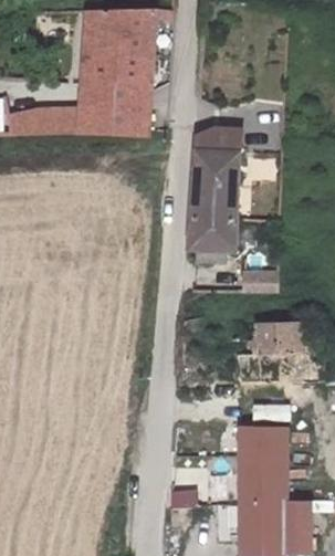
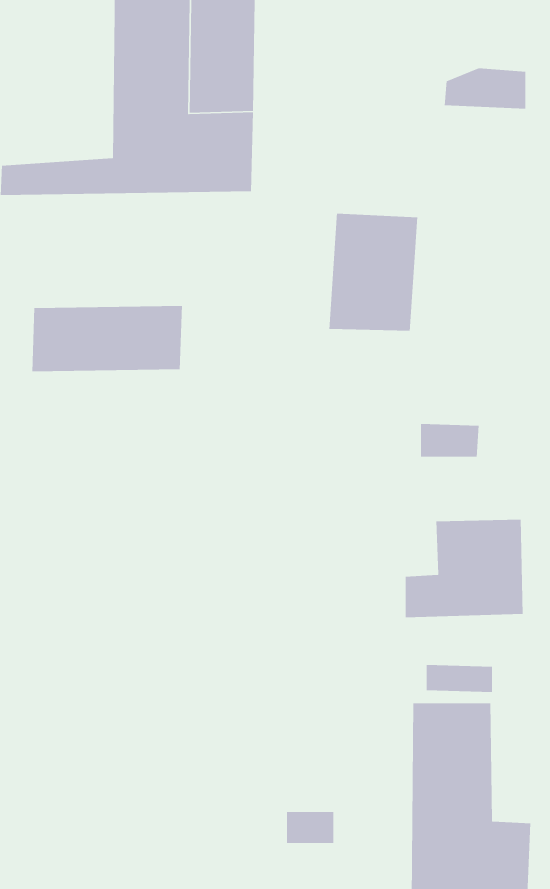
building: [197,123,244,147] -> [444,67,526,110]
building: none -> [31,305,183,372]
building: [190,212,240,264] -> none

